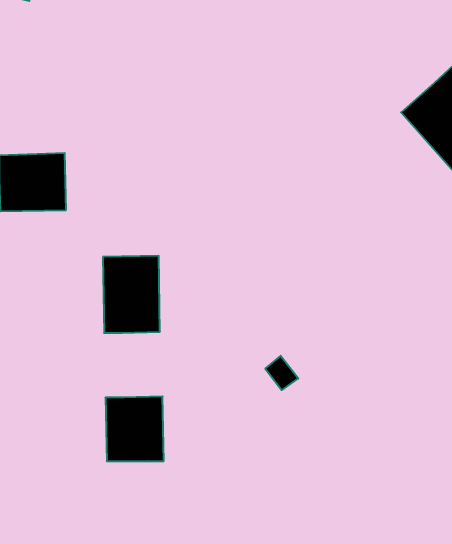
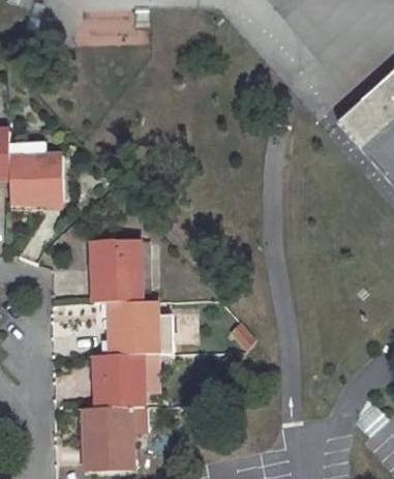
building: none -> [111,300,173,355]
building: none -> [86,407,134,470]

